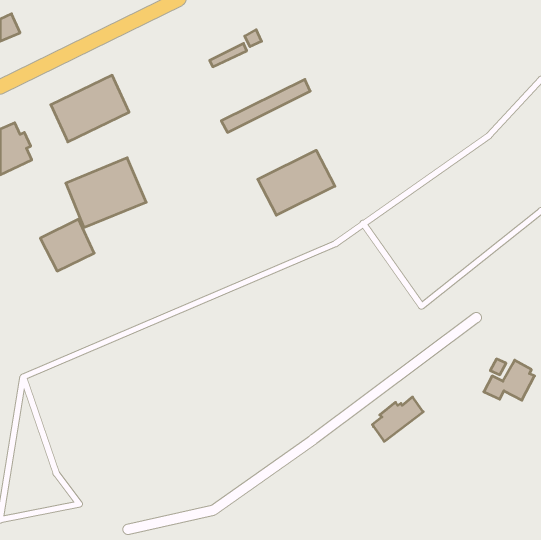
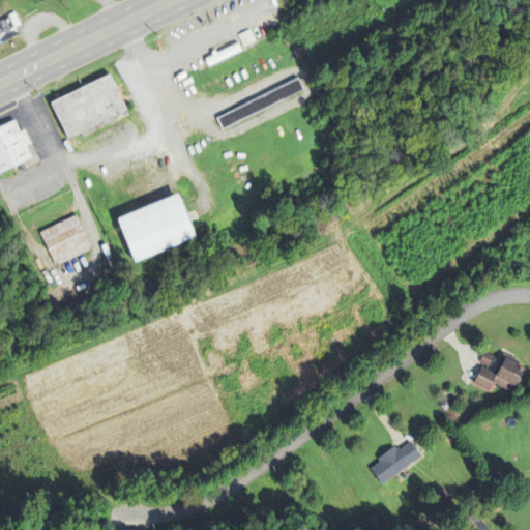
building: [258,150,335,215] -> none
building: [66,158,146,228] -> [116,194,195,262]
building: [372,397,423,441] -> [371,441,420,484]

